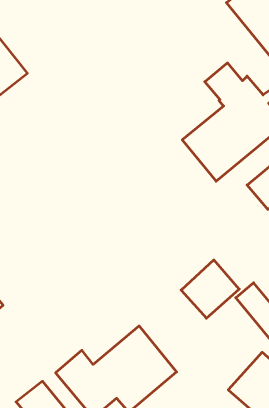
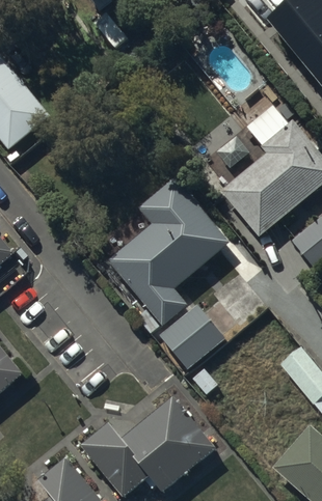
building: none -> [108,176,231,333]
building: [181,260,239,318] -> [161,304,225,368]

